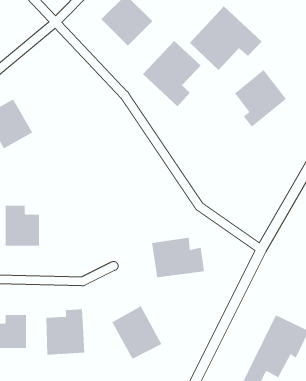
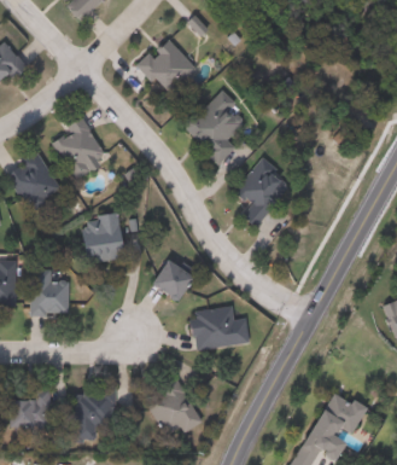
building: [189,6,262,71] -> none
building: none -> [51,118,104,180]
building: [234,69,287,128] -> [233,159,291,223]
building: none -> [77,211,123,261]
building: none -> [150,258,192,300]

